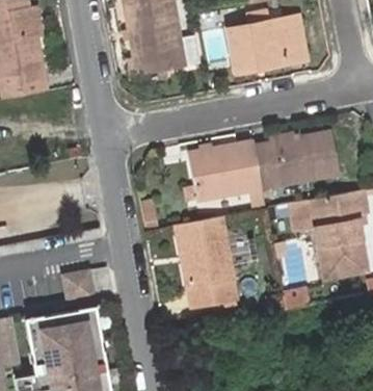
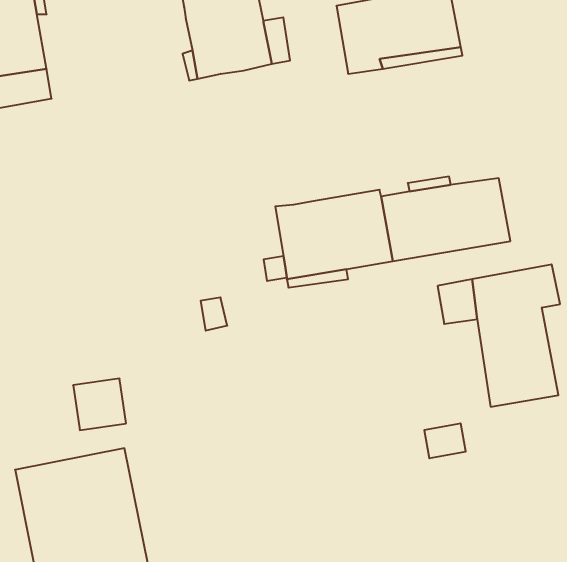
building: [177,217,235,306] -> none

